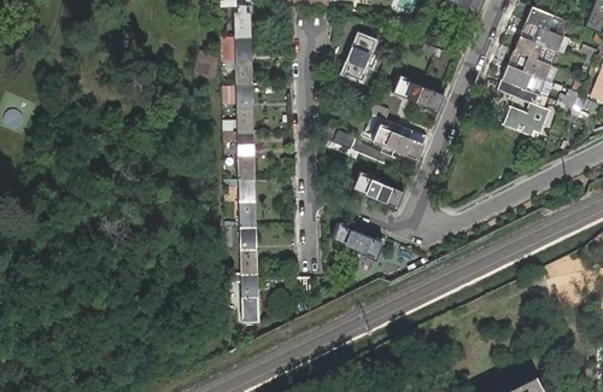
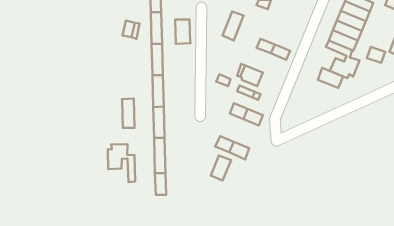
building: none -> [175,20,191,44]
building: none -> [318,68,343,88]
building: [394,127,426,157] -> none
building: none -> [122,99,135,128]
building: none -> [108,144,135,182]
building: none -> [211,155,231,181]

